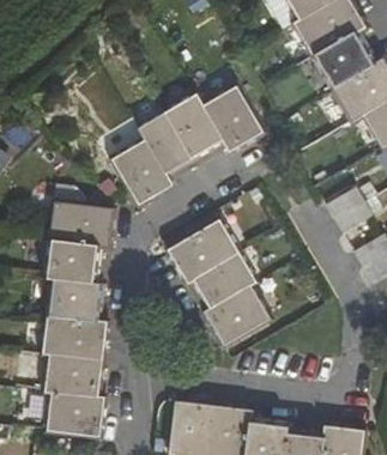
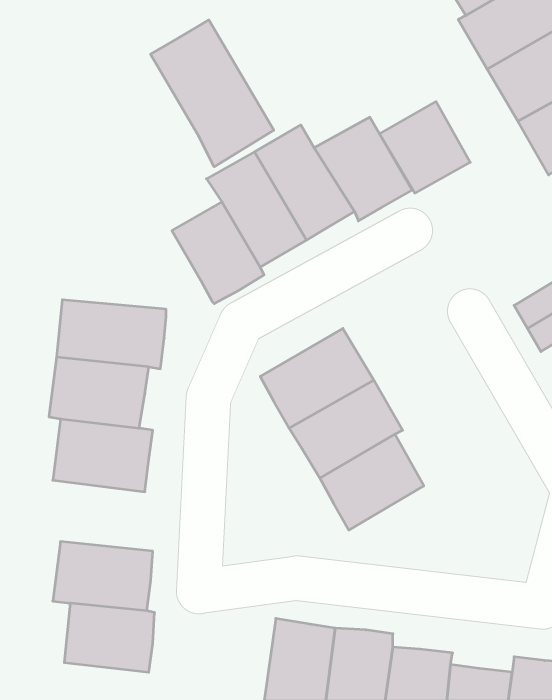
building: none -> [151,20,274,167]
building: none -> [379,102,470,193]
building: [35,315,105,359] -> none

